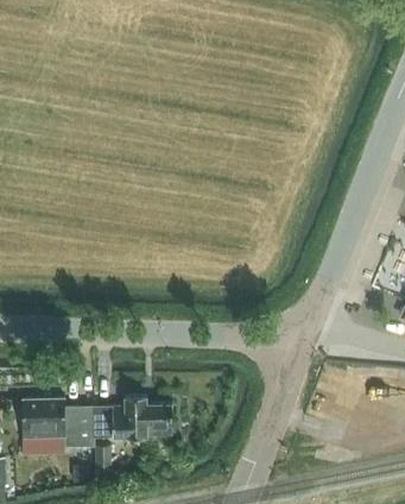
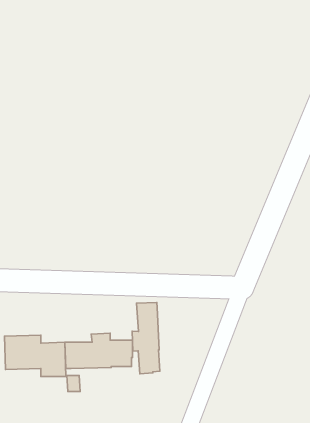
building: none -> [132,302,160,374]

